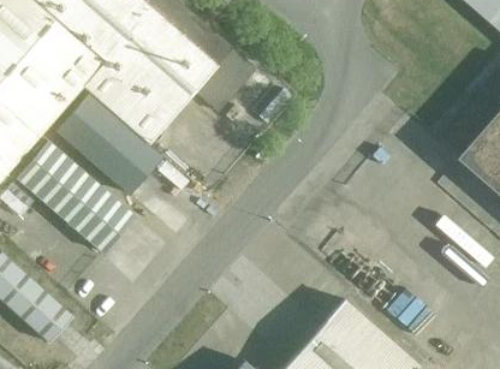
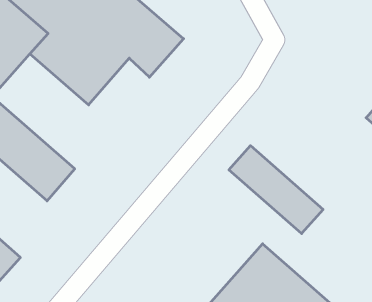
building: [54,94,160,195] -> none
building: none -> [229,146,323,234]

